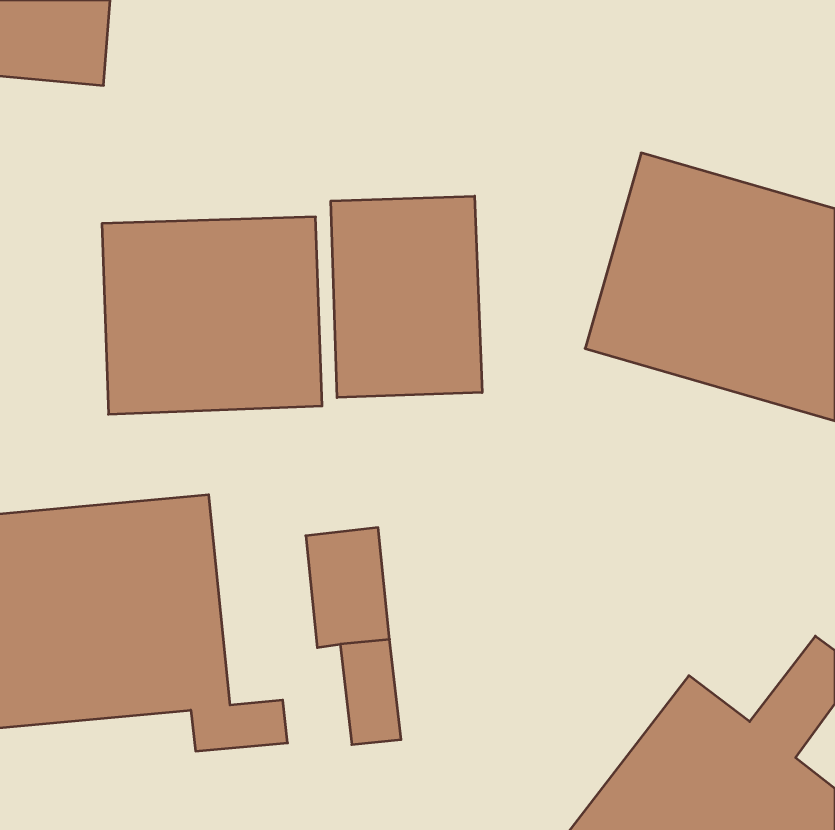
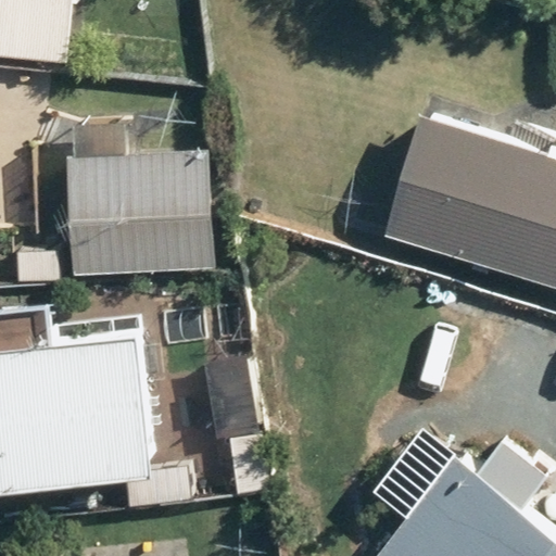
building: [331,196,482,398] -> none

